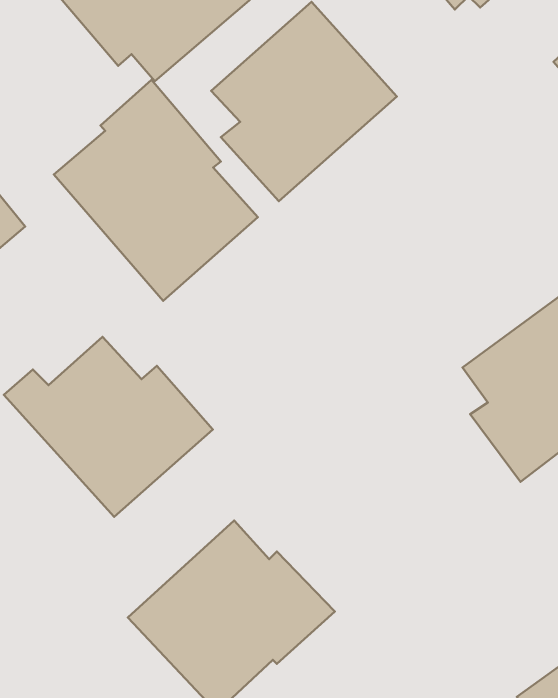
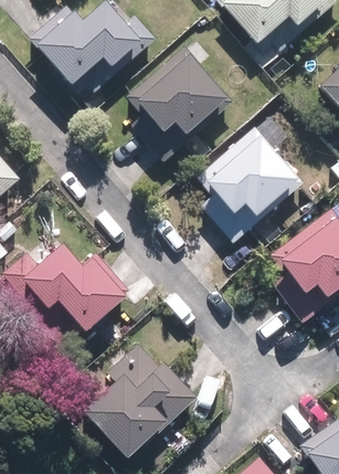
building: [54,80,258,301] -> none
building: none -> [199,128,299,243]

